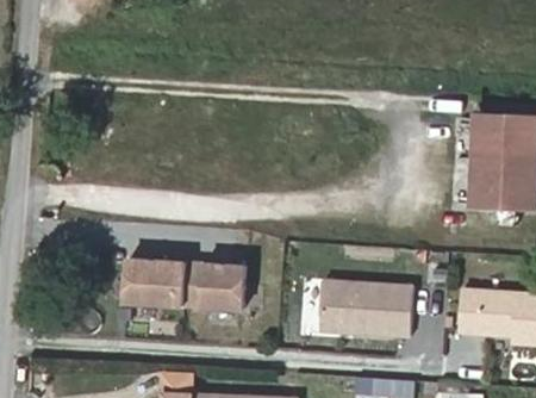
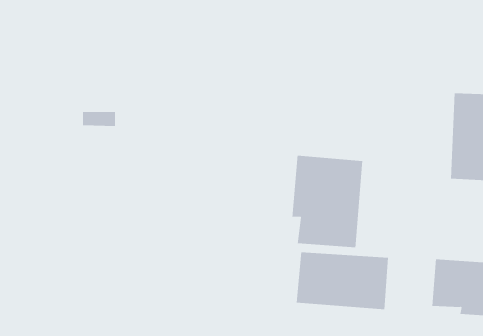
building: none -> [292,155,363,248]
building: [114,256,239,313] -> none

